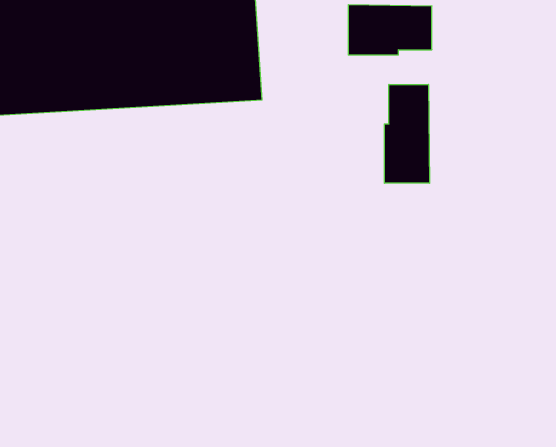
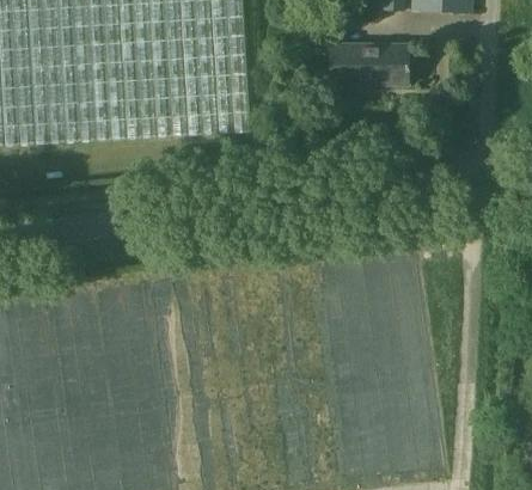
building: [384,84,430,183] -> none

